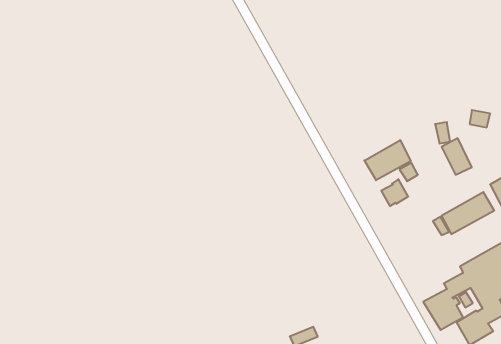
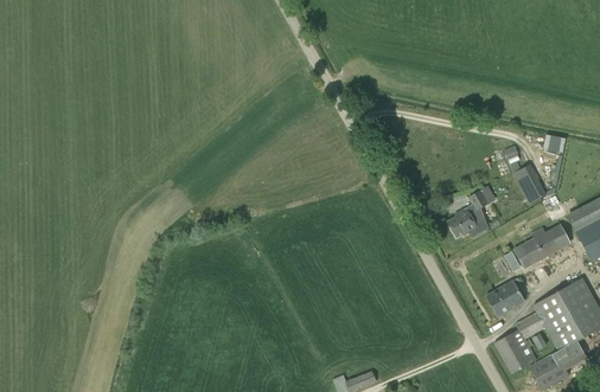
building: [364,140,411,180] -> none
building: none -> [486,278,525,316]

